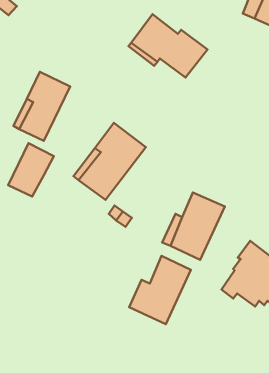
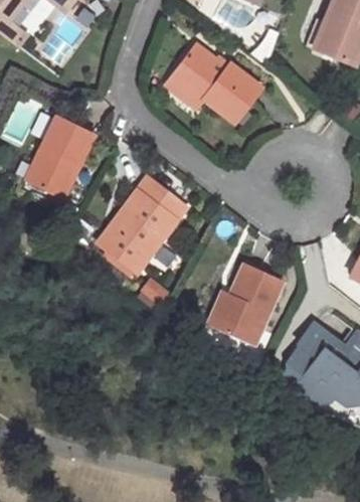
building: [8,143,54,197] -> none
building: [129,256,191,324] -> none

